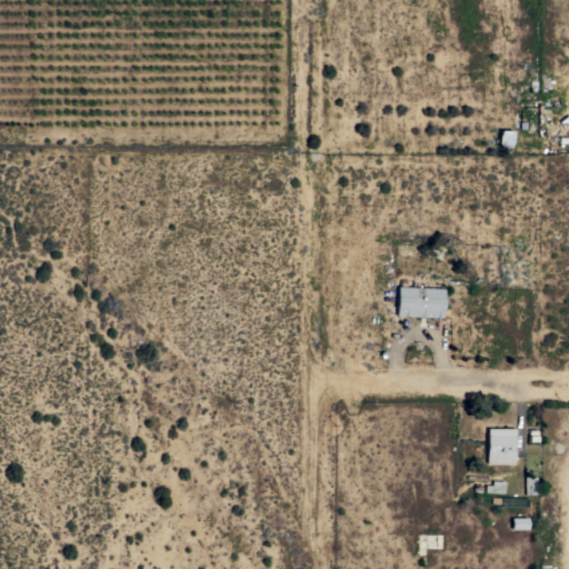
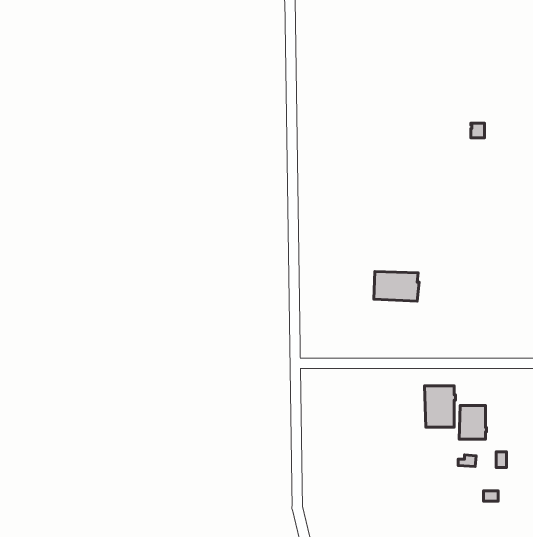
building: none -> [425,386,455,427]

